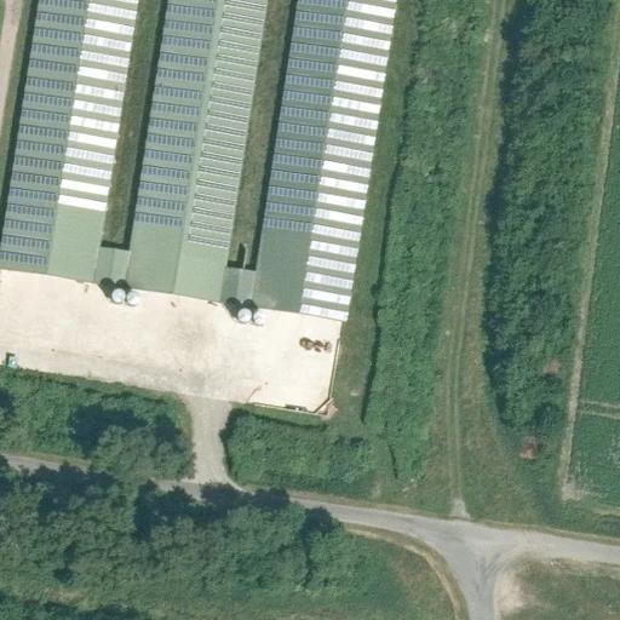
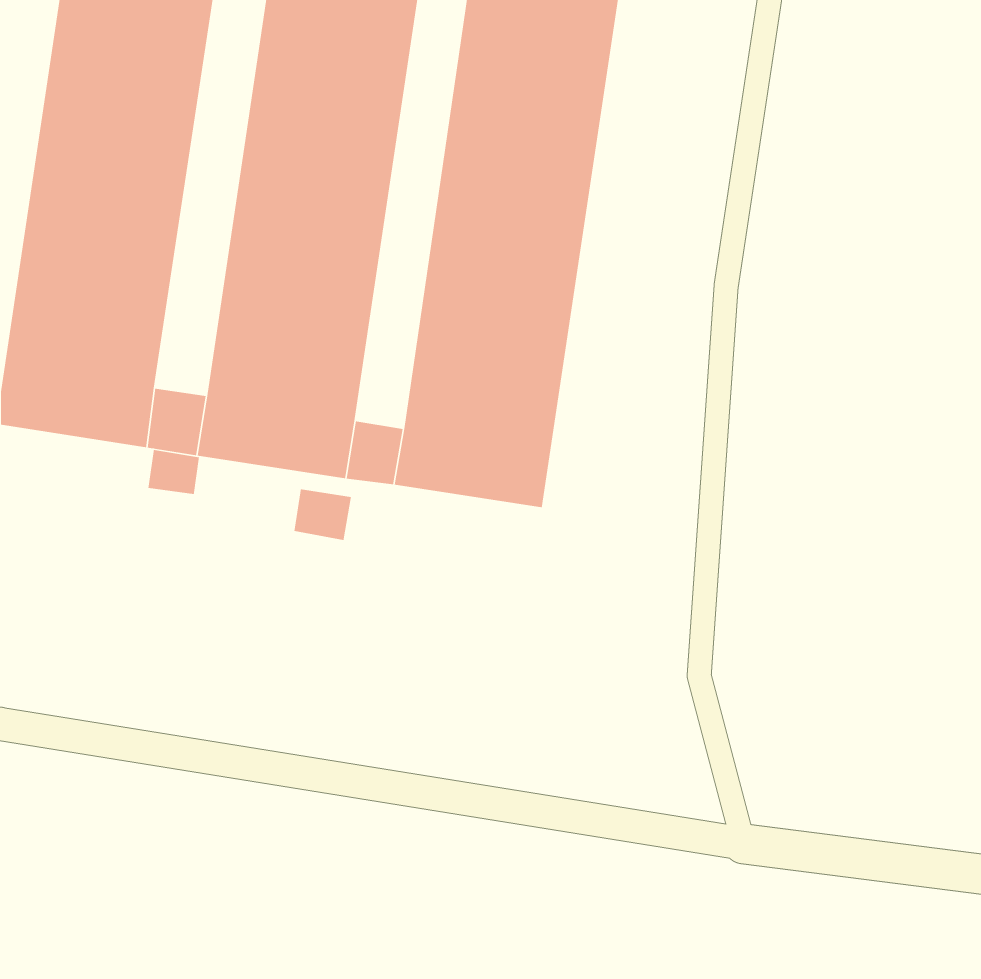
building: none -> [148,449,200,495]
building: none -> [294,489,351,541]

